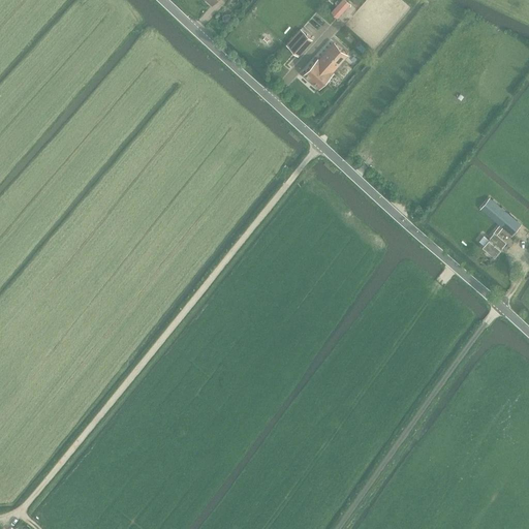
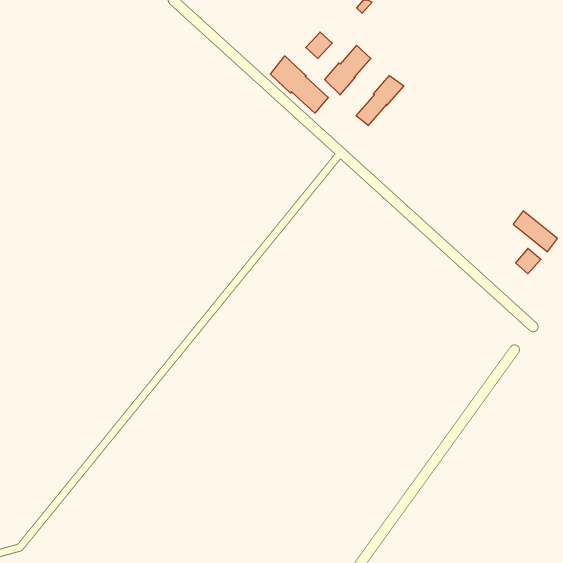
building: none -> [270,56,328,113]
building: none -> [356,76,404,126]

